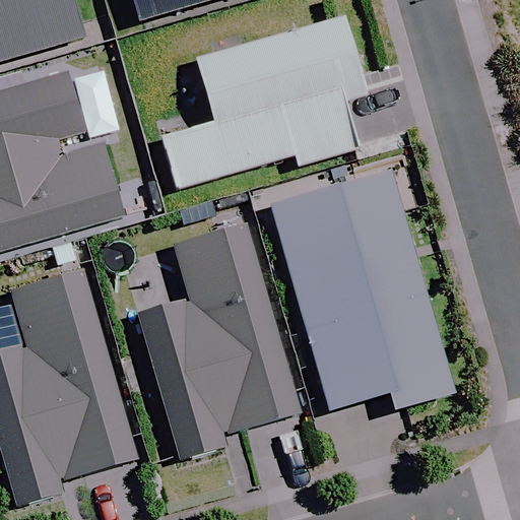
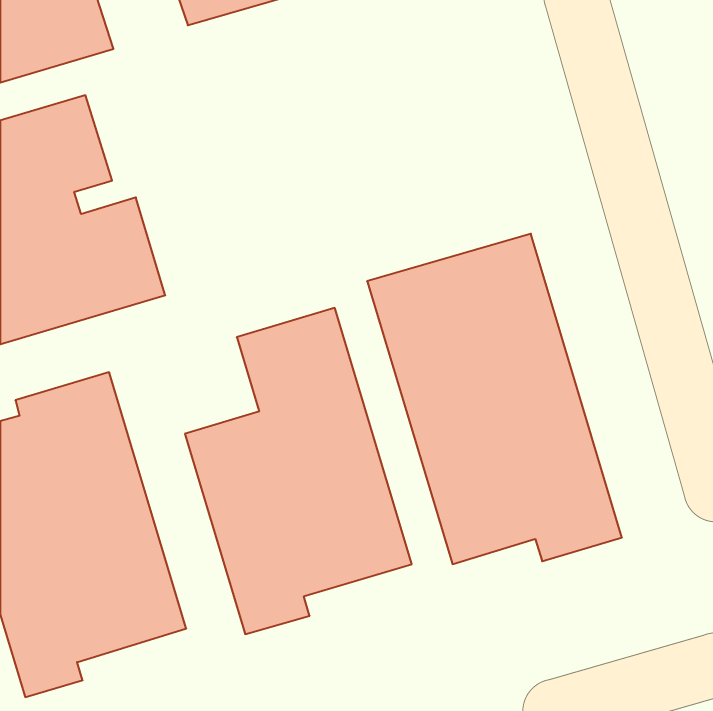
building: [161,17,366,187] -> none

